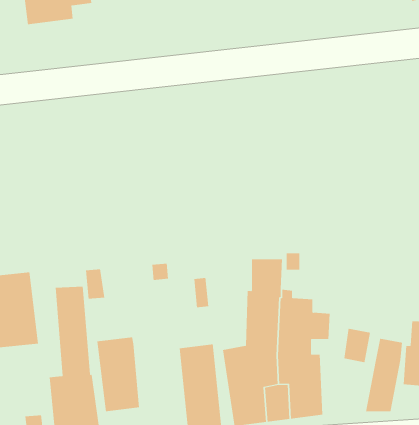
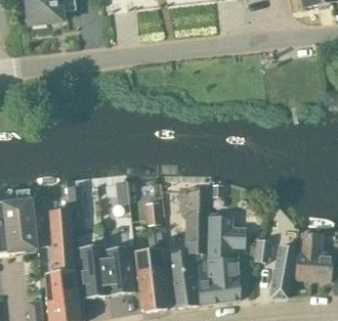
building: none -> [104,246,134,294]

